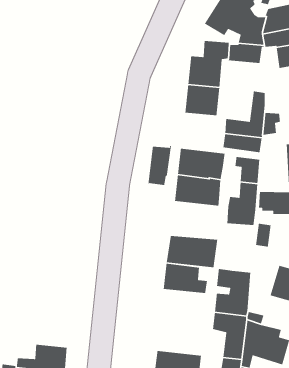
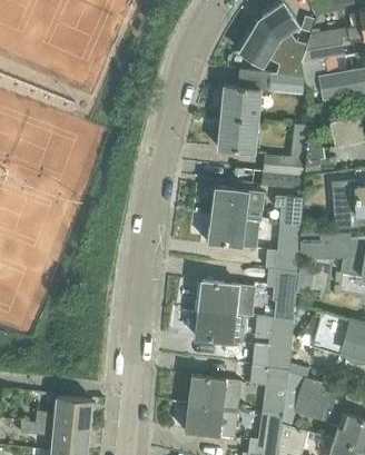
building: [148,145,172,186] -> none
building: none -> [262,269,294,304]
building: none -> [188,377,241,412]

